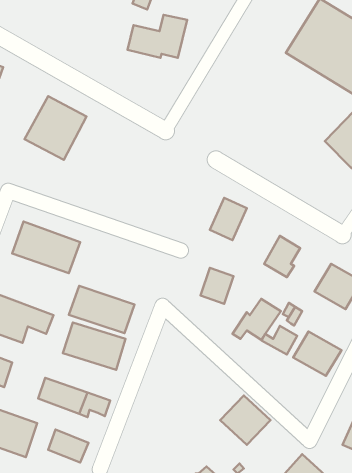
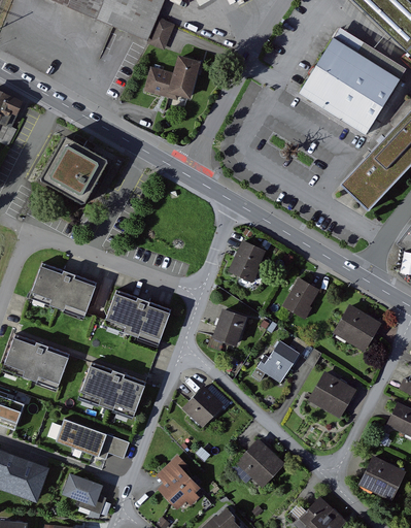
building: [69,286,135,333] -> [104,292,170,339]
building: [262,326,297,354] -> none
building: none -> [180,387,221,428]
building: none -> [155,455,199,509]

